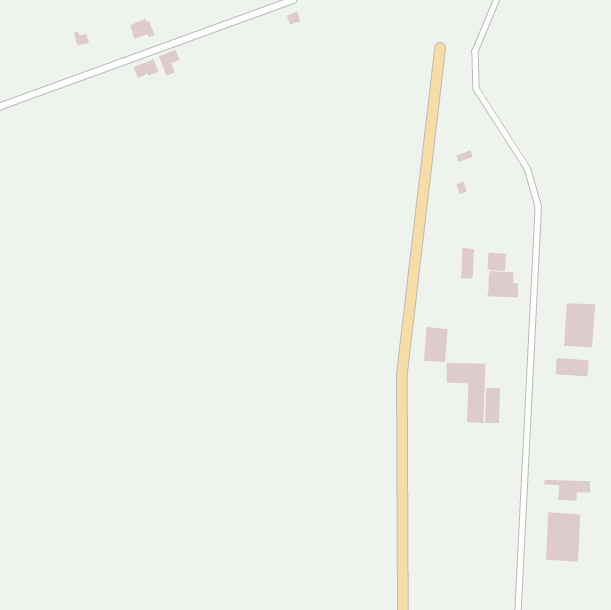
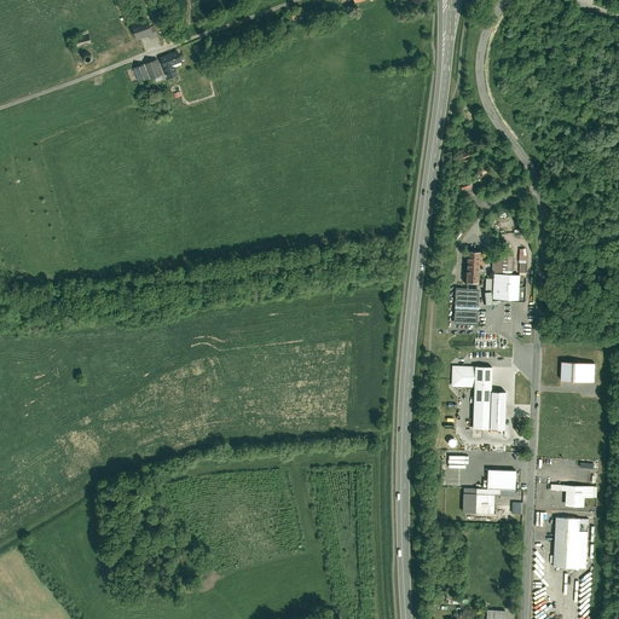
building: [563,302,596,348] -> none
building: [423,327,448,362] -> [453,289,479,325]
building: none -> [487,470,515,491]
building: none -> [463,494,494,514]

